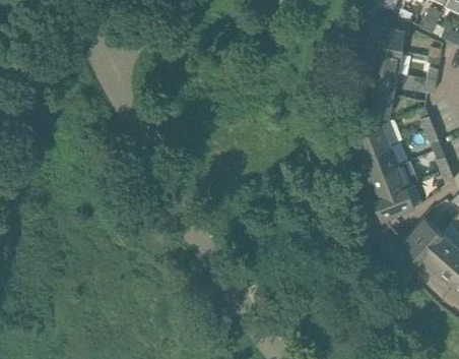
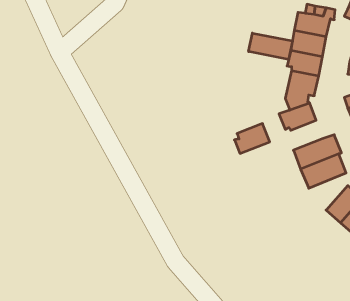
building: none -> [249,33,292,60]
building: [358,146,398,180] -> [234,124,270,153]

